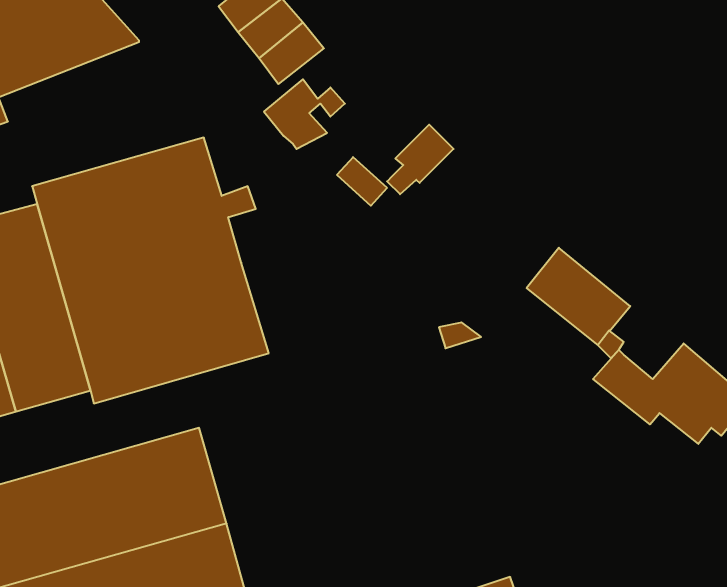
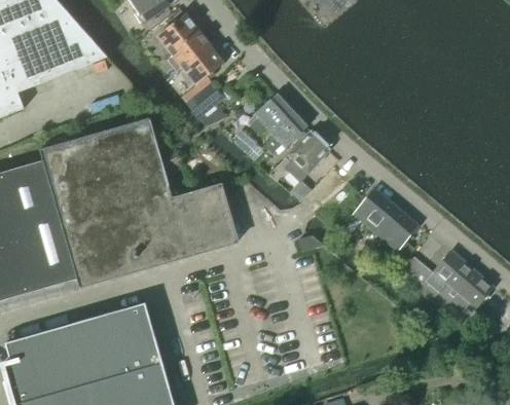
building: none -> [250,94,291,134]
building: none -> [269,130,330,181]
building: none -> [172,185,236,255]

